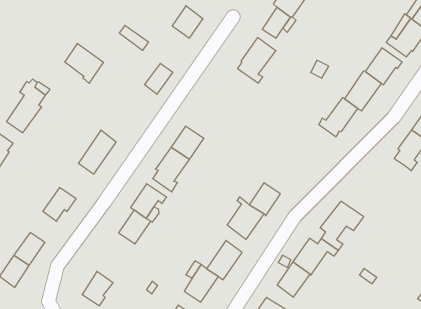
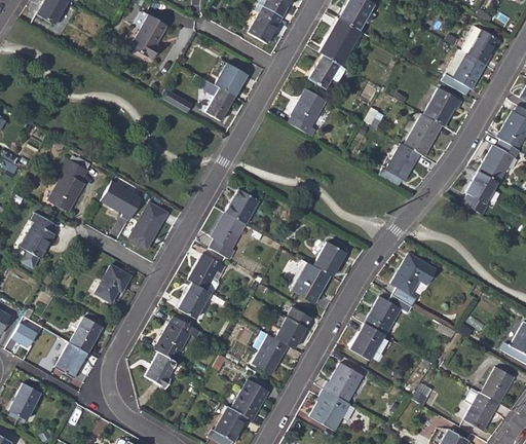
building: [65,43,104,83] -> [101,180,142,221]
building: [145,63,173,94] -> [205,87,234,120]
building: none -> [154,317,198,361]

